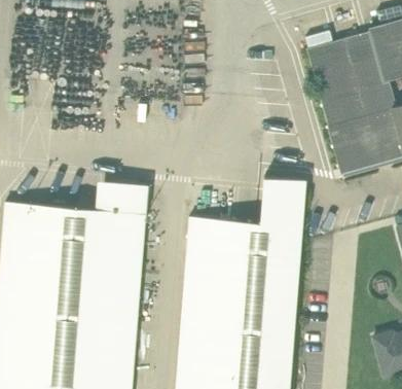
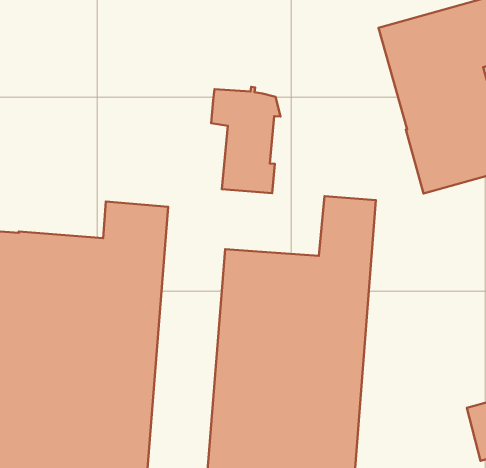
building: none -> [211,87,281,193]

